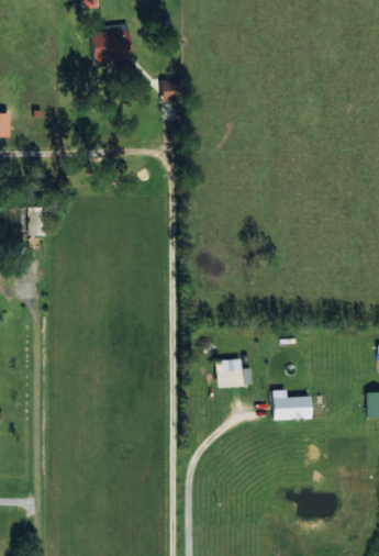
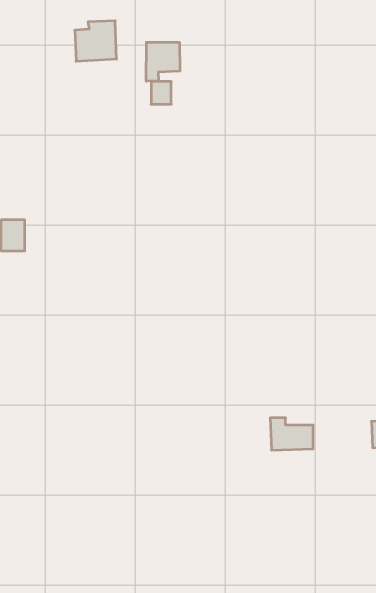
building: none -> [146,42,180,81]
building: [216,359,252,387] -> none

